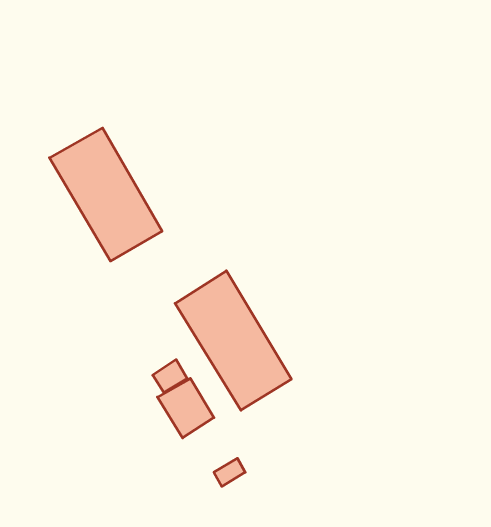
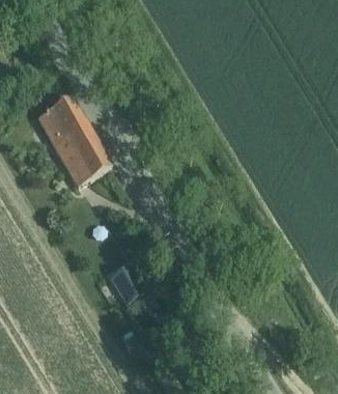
building: [175,271,291,410] -> none

